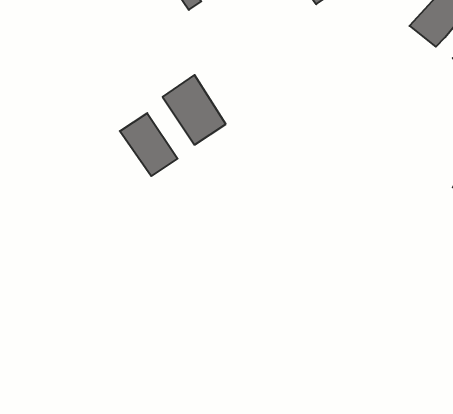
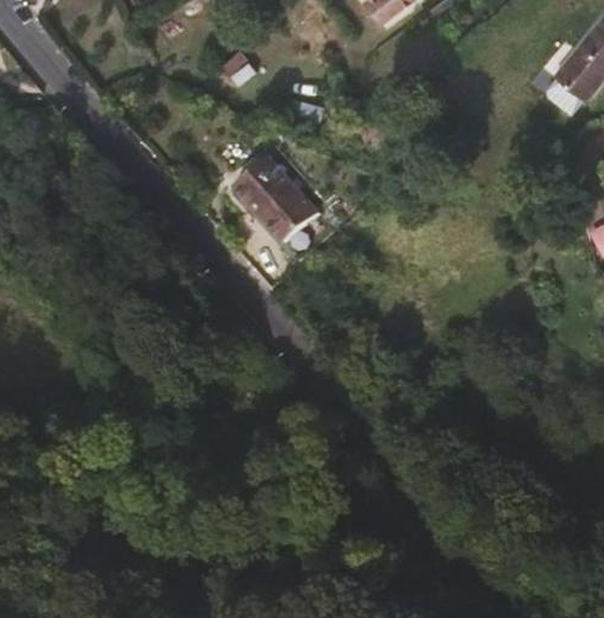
building: [120,113,178,176] -> none

